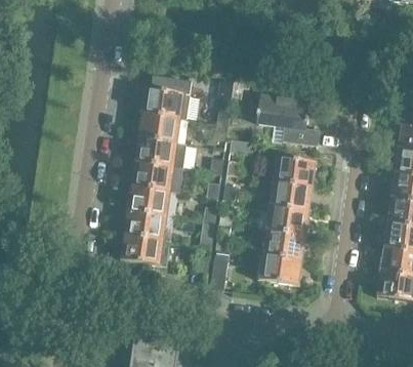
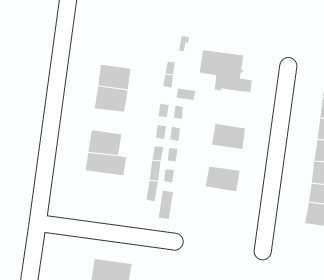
building: [142,74,191,117] -> none
building: [275,154,317,184] -> none
building: [132,161,171,191] -> none
building: [267,203,307,233] -> none
building: [120,233,170,263] -> none
building: [257,251,300,283] -> none

